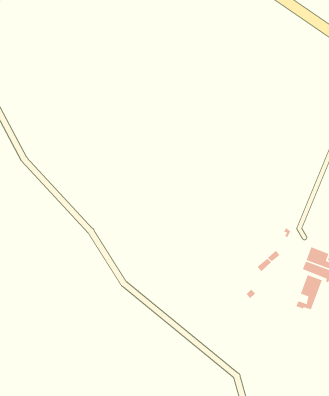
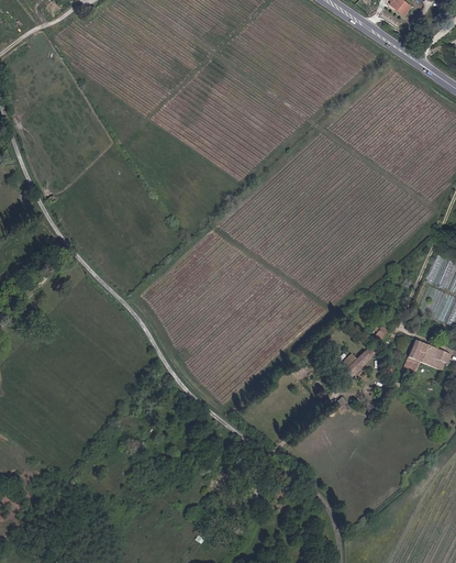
building: [295,274,323,310] -> none

